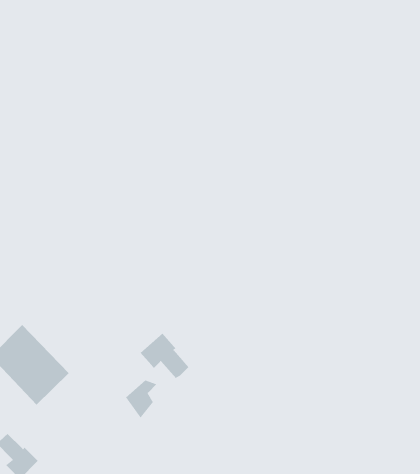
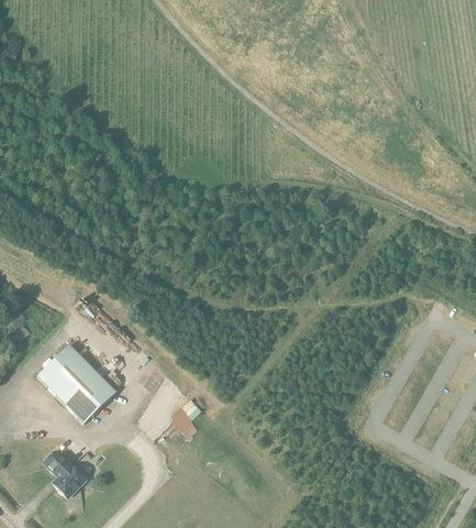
building: [140,333,189,379] -> none

